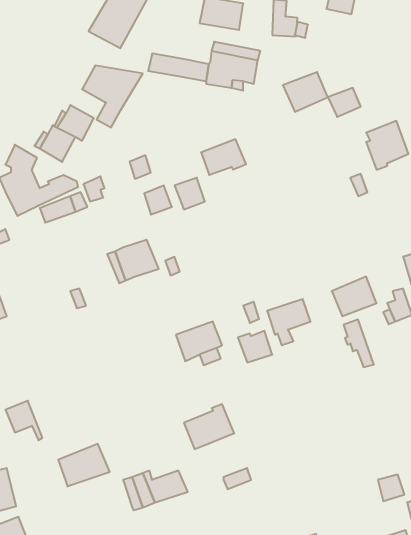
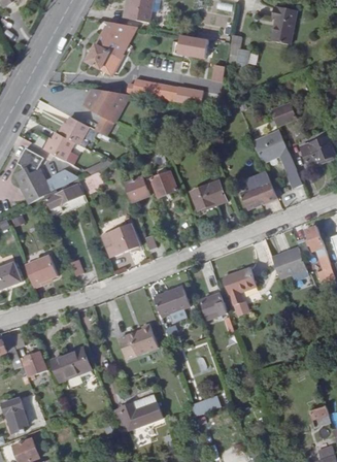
building: [283,72,328,112] -> [254,131,289,162]
building: [201,139,246,175] -> [192,182,227,209]
building: none -> [239,172,277,208]
building: none -> [24,254,57,287]
building: [344,320,374,367] -> [306,225,330,262]
building: [184,404,234,449] -> [119,324,158,359]
building: [58,444,110,486] -> [49,346,90,380]

